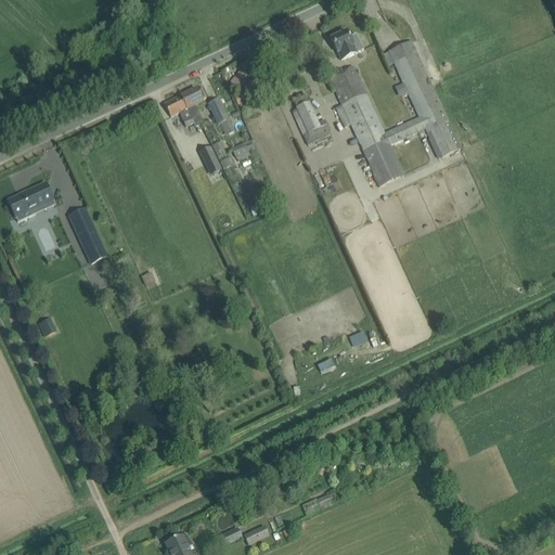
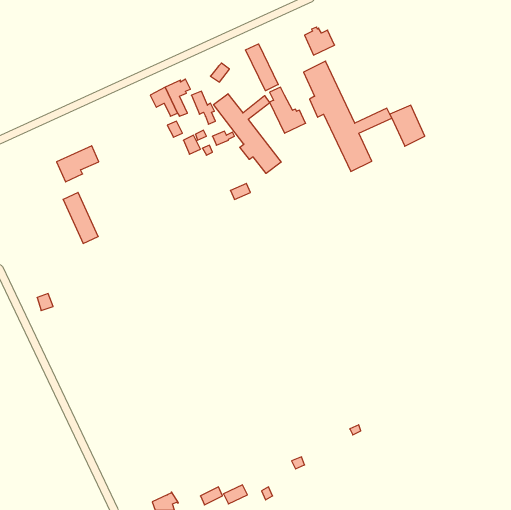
building: [388,41,444,124] -> none
building: none -> [246,44,278,91]
building: none -> [214,94,281,173]
building: [7,182,52,221] -> [57,146,99,182]

